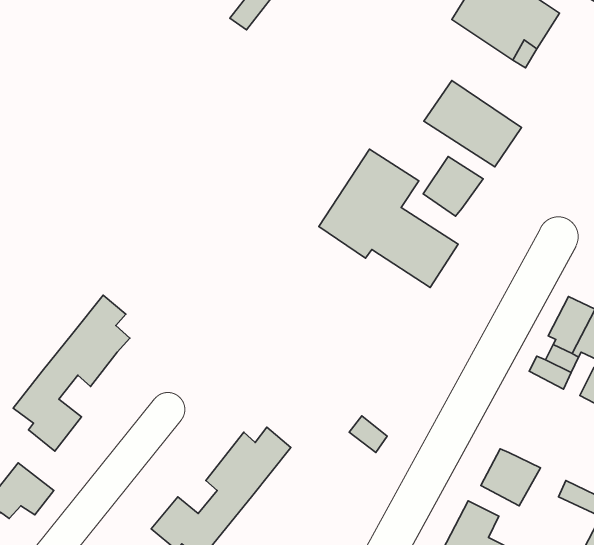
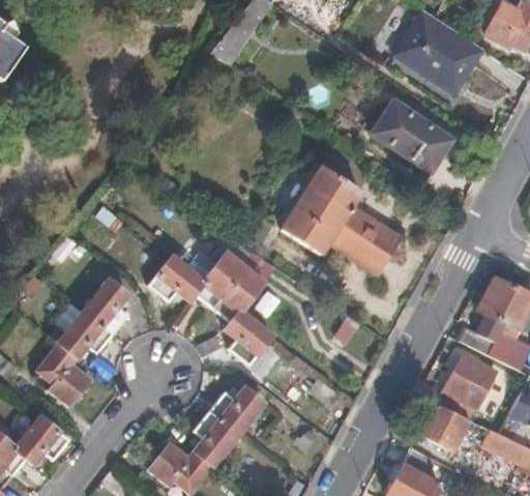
building: [423,157,483,216] -> none
building: none -> [149,253,273,363]
building: none -> [440,355,493,419]

